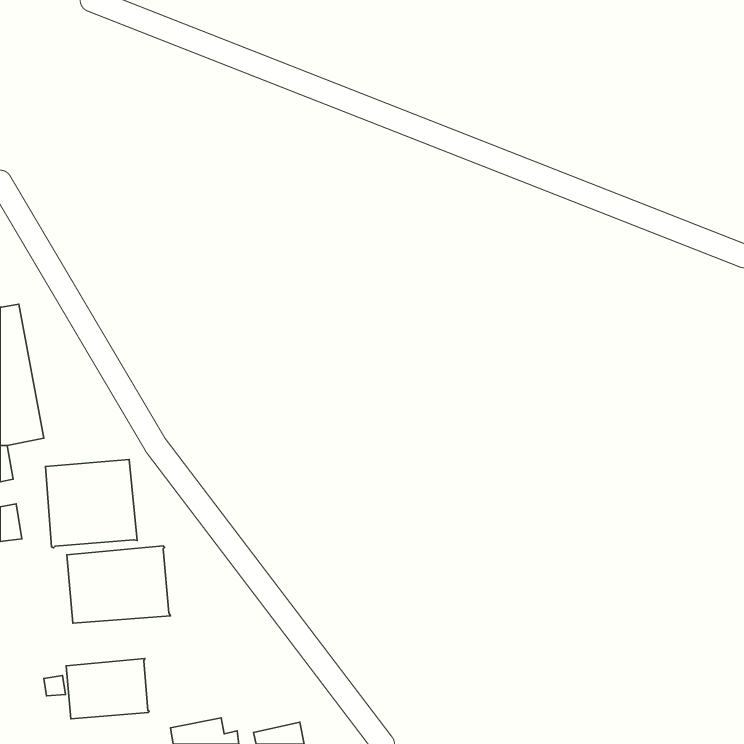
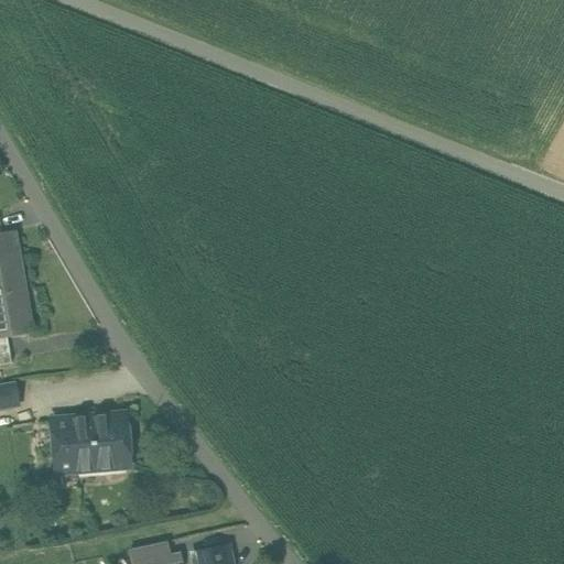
building: [46,460,137,548] -> none
building: [66,658,149,719] -> none

